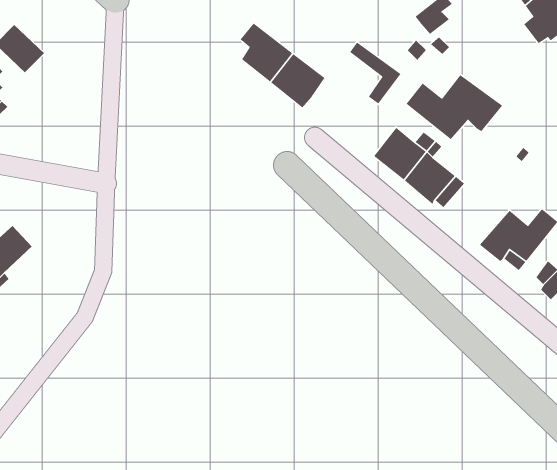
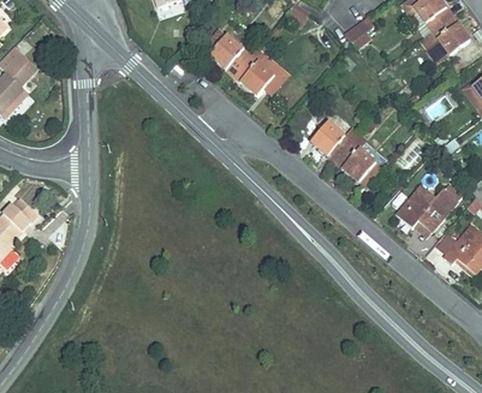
building: [349,41,401,104] -> [249,54,290,103]
building: [405,74,503,140] -> none

